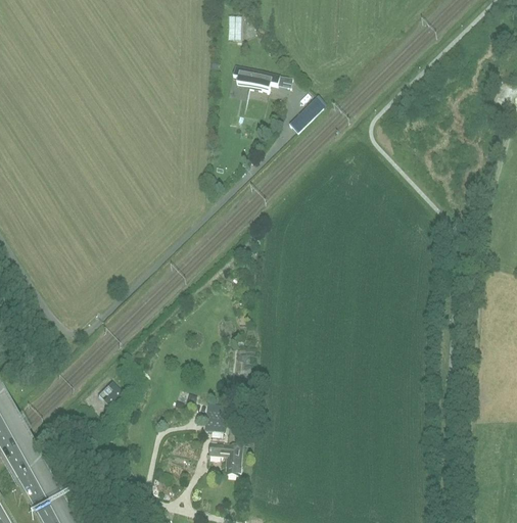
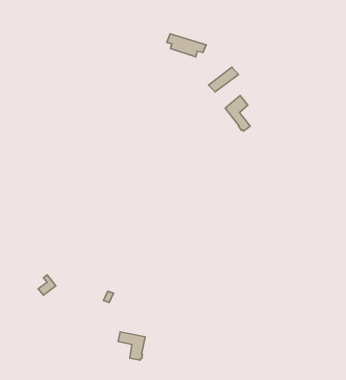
building: none -> [225,96,250,131]
building: [204,409,227,431] -> none

